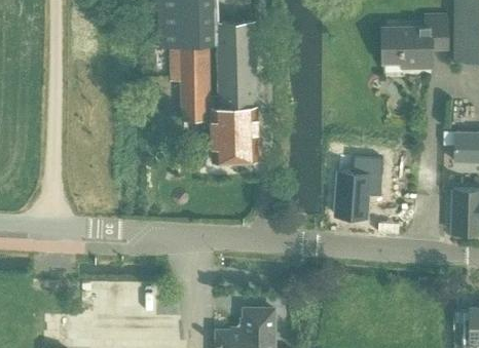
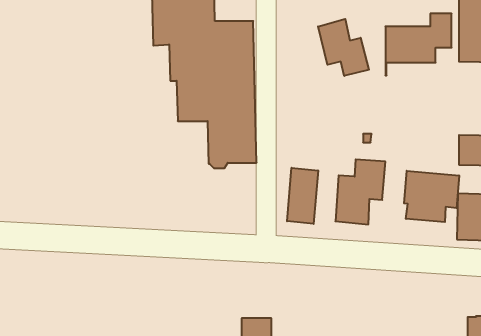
building: none -> [318,19,369,76]
building: none -> [287,168,318,224]
building: none -> [404,171,459,222]

